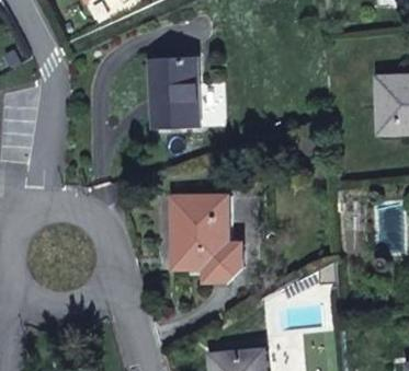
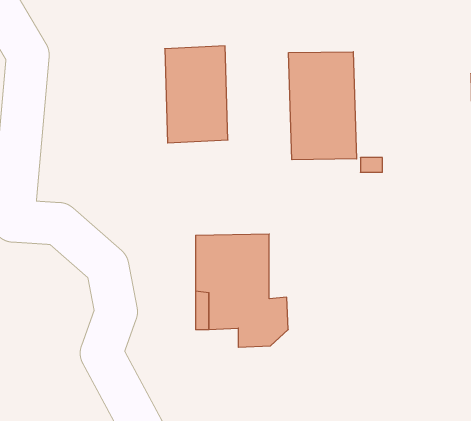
building: none -> [289,52,357,160]

